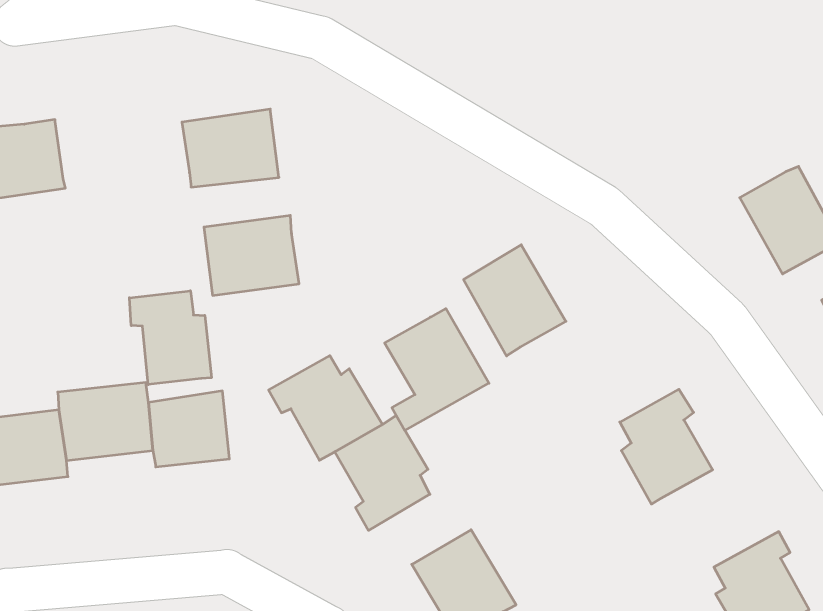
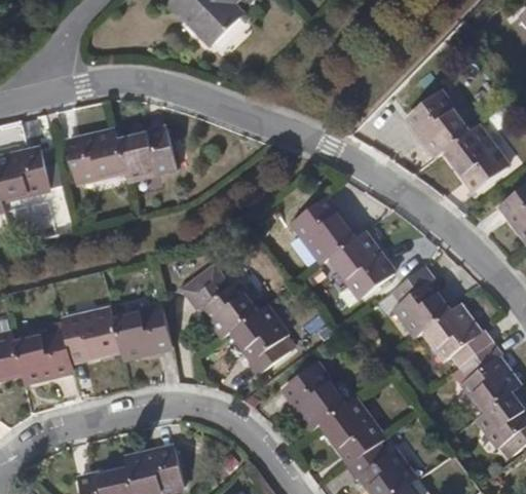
building: none -> [408,90,469,155]
building: [204,215,299,295] -> [64,138,123,190]
building: [129,291,211,385] -> none
building: [385,309,489,430] -> [329,228,392,302]
building: none -> [422,304,493,366]

